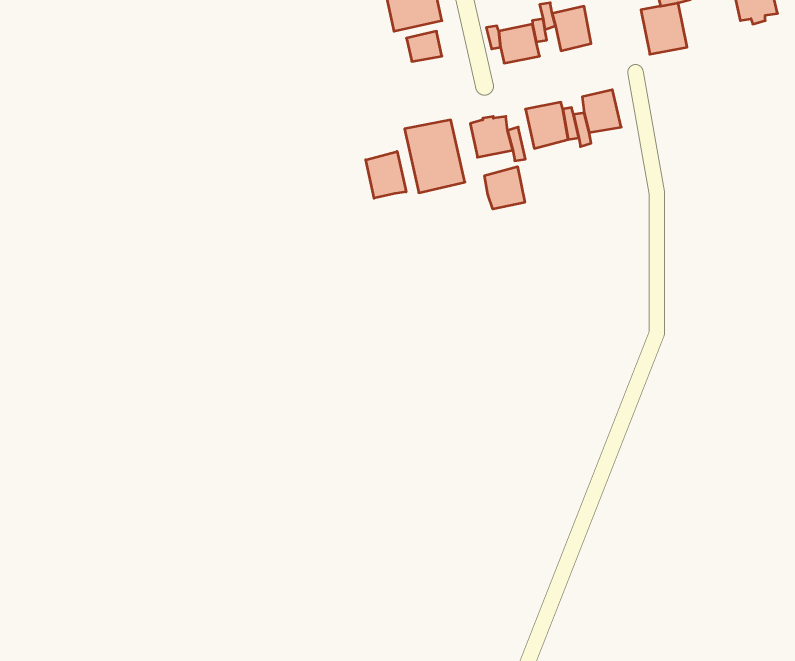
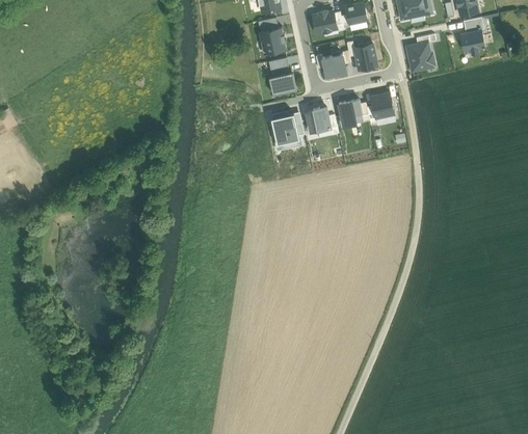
building: none -> [268,72,295,94]
building: [366,151,406,198] -> none
building: [485,167,525,209] -> none

